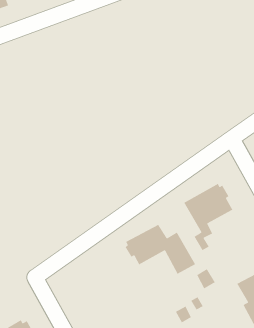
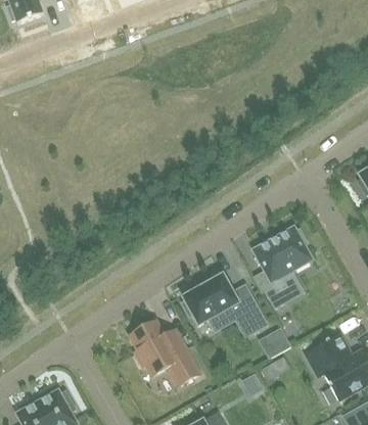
building: none -> [130,321,199,385]

